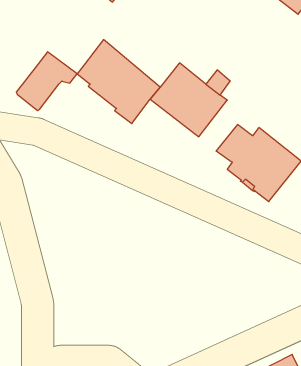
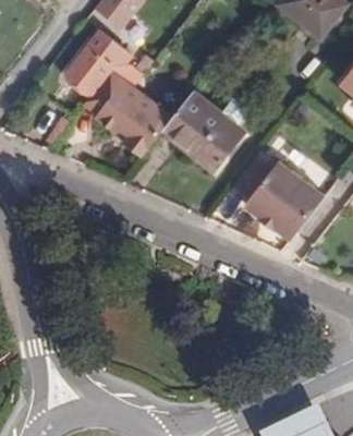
building: [16,52,77,110] -> [66,29,132,93]

